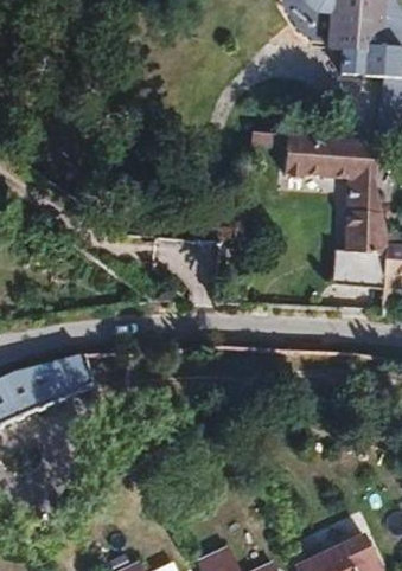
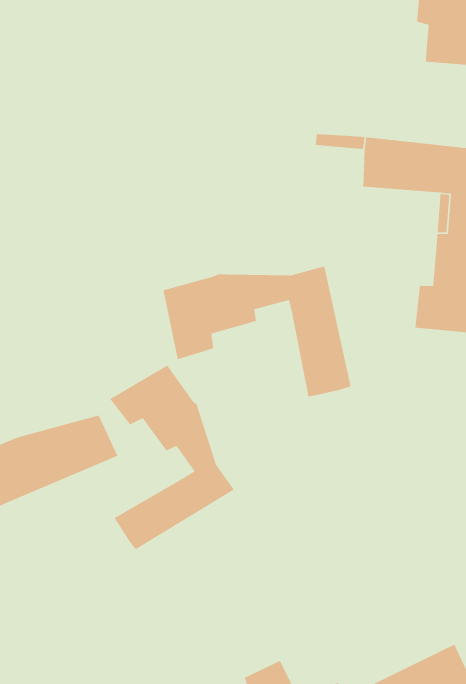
building: none -> [163,266,351,398]
building: none -> [109,364,235,550]

